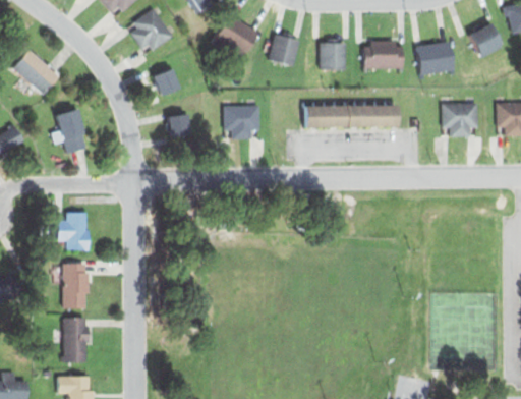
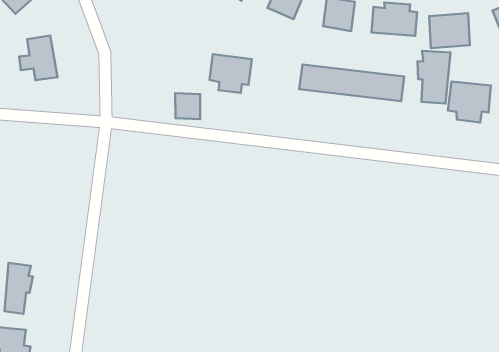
building: [153,69,179,96] -> none
building: none -> [418,51,451,103]
building: [167,114,192,138] -> [175,93,200,119]
building: [56,213,88,250] -> none
building: [62,265,90,308] -> none

